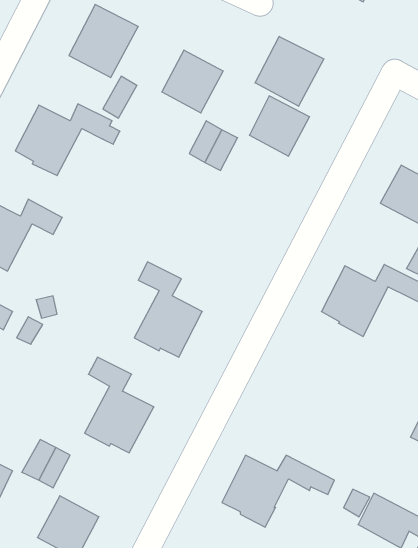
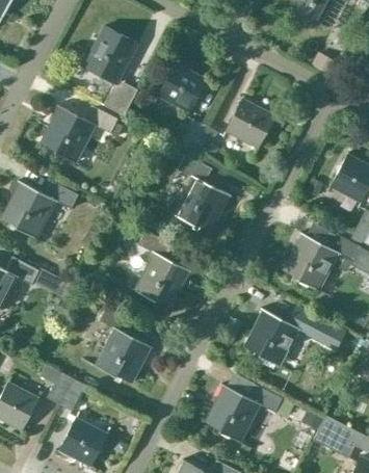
building: [255,36,324,106] -> none
building: none -> [175,155,229,232]
building: none -> [244,309,337,366]

